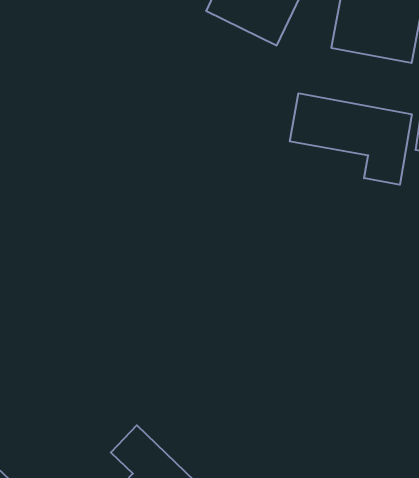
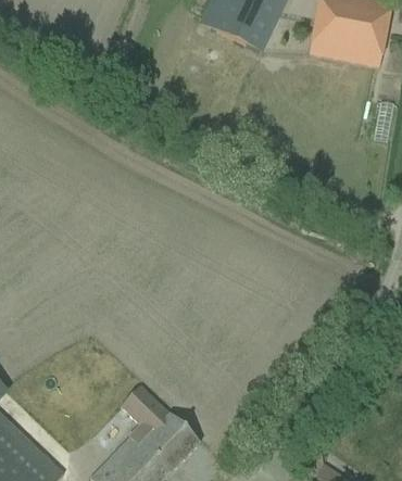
building: [290,93,412,185] -> none

